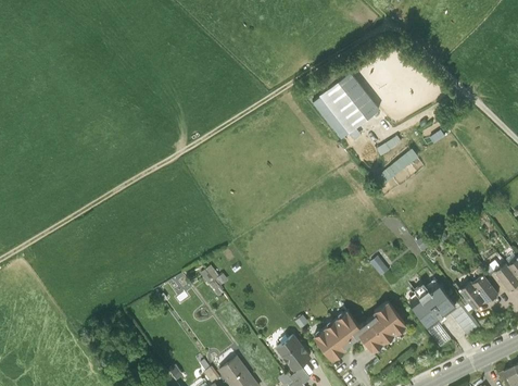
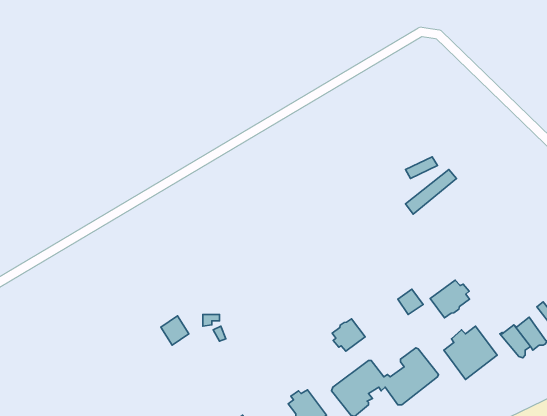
building: [319,73,379,142] -> none
building: none -> [430,280,470,318]
building: none -> [332,319,365,351]

